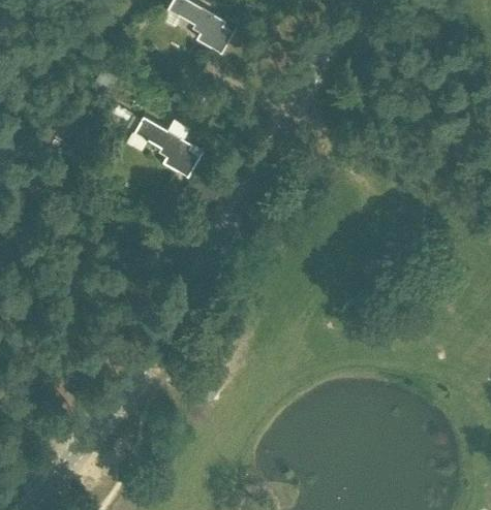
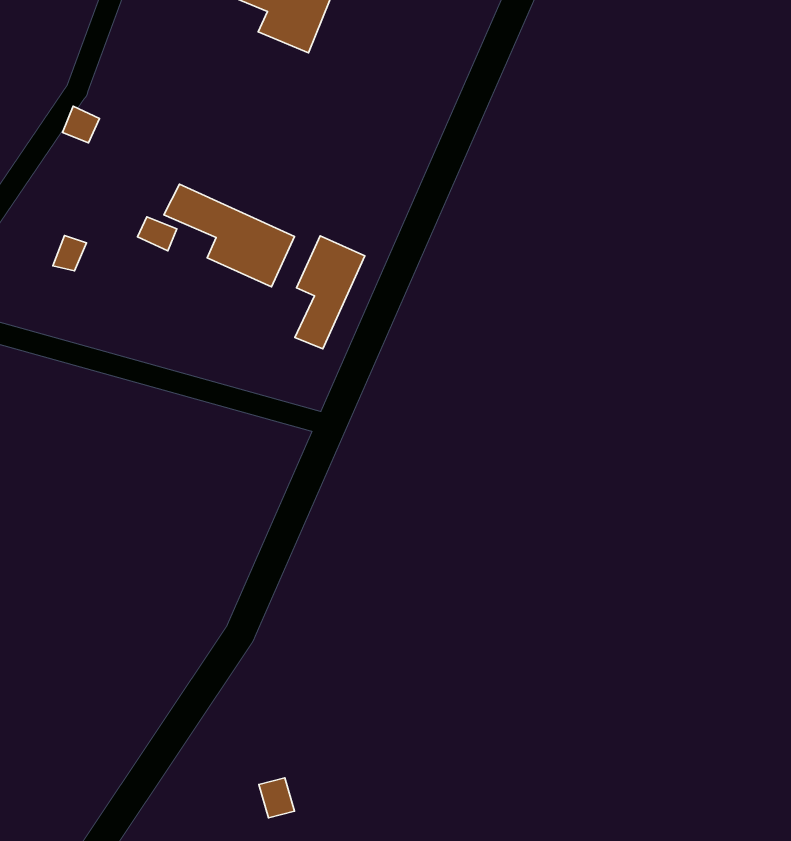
building: none -> [295,236,365,349]

